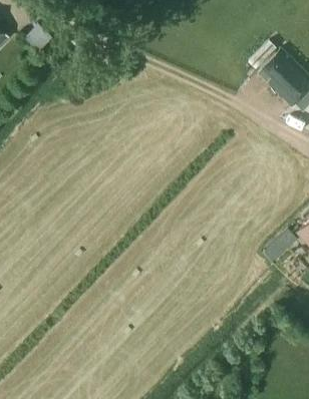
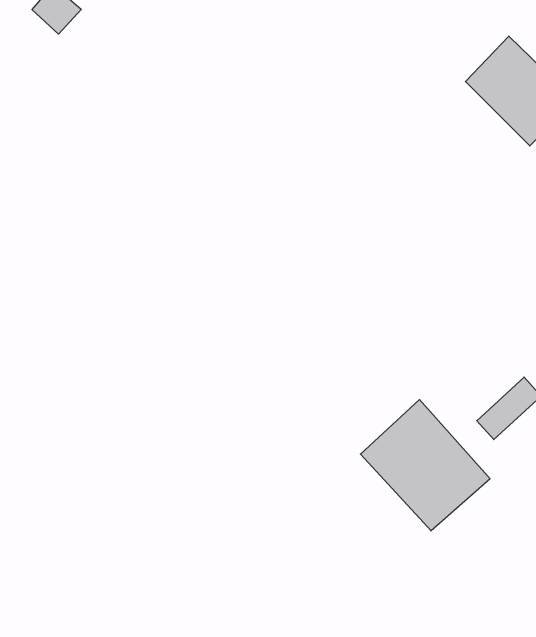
building: none -> [360,400,490,531]

